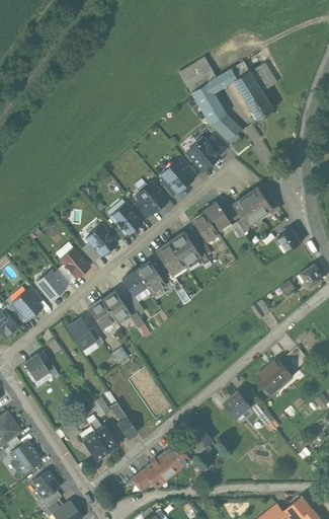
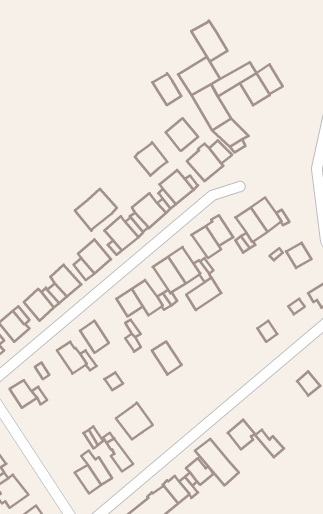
building: none -> [191,21,227,62]
building: none -> [152,73,181,105]
building: [247,92,273,120] -> none
building: none -> [166,118,198,151]
building: none -> [135,142,167,176]
building: none -> [75,189,117,231]
building: none -> [186,278,221,310]
building: [101,292,129,322] -> [152,342,182,375]
building: [257,359,293,394] -> none
building: none -> [116,403,153,439]
building: none -> [195,439,239,485]

